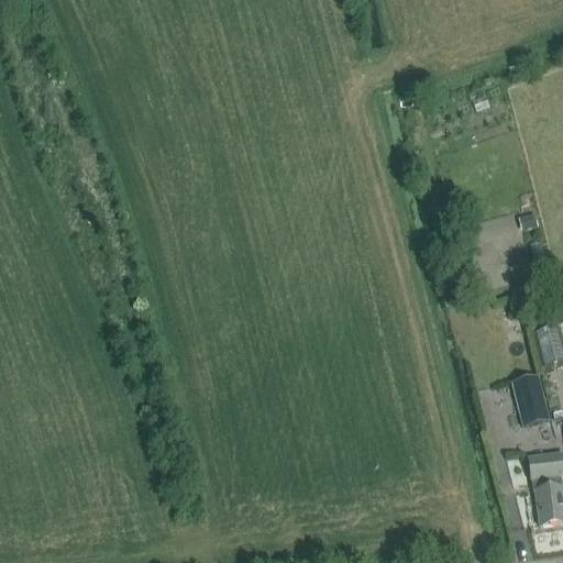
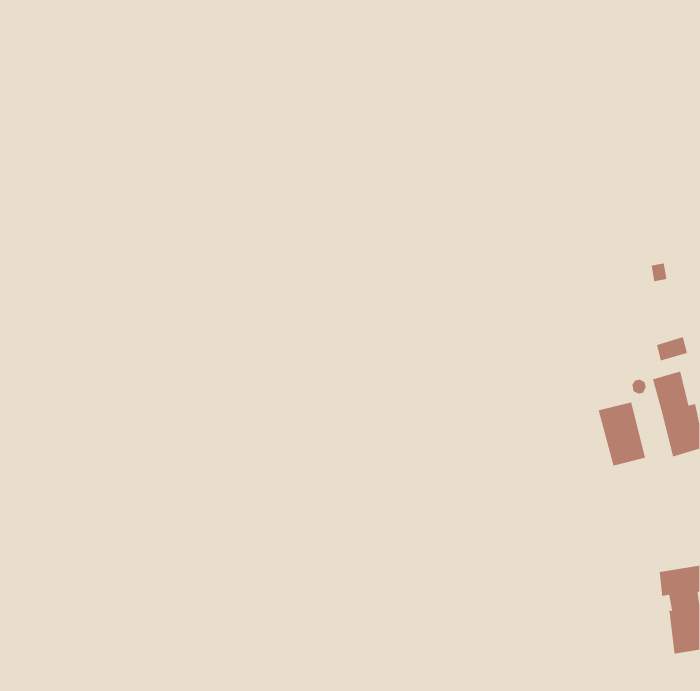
building: [510,373,549,424] -> [598,402,646,466]

